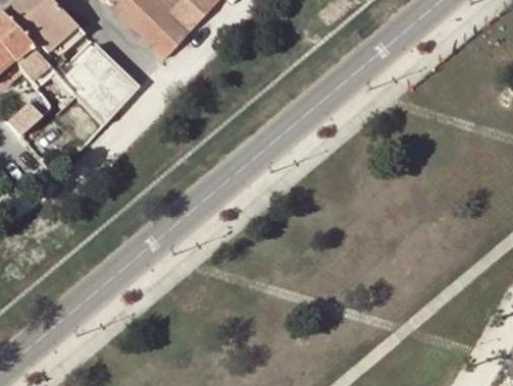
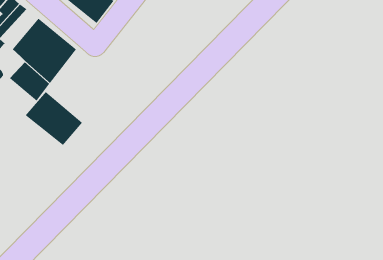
building: none -> [25,91,83,146]

